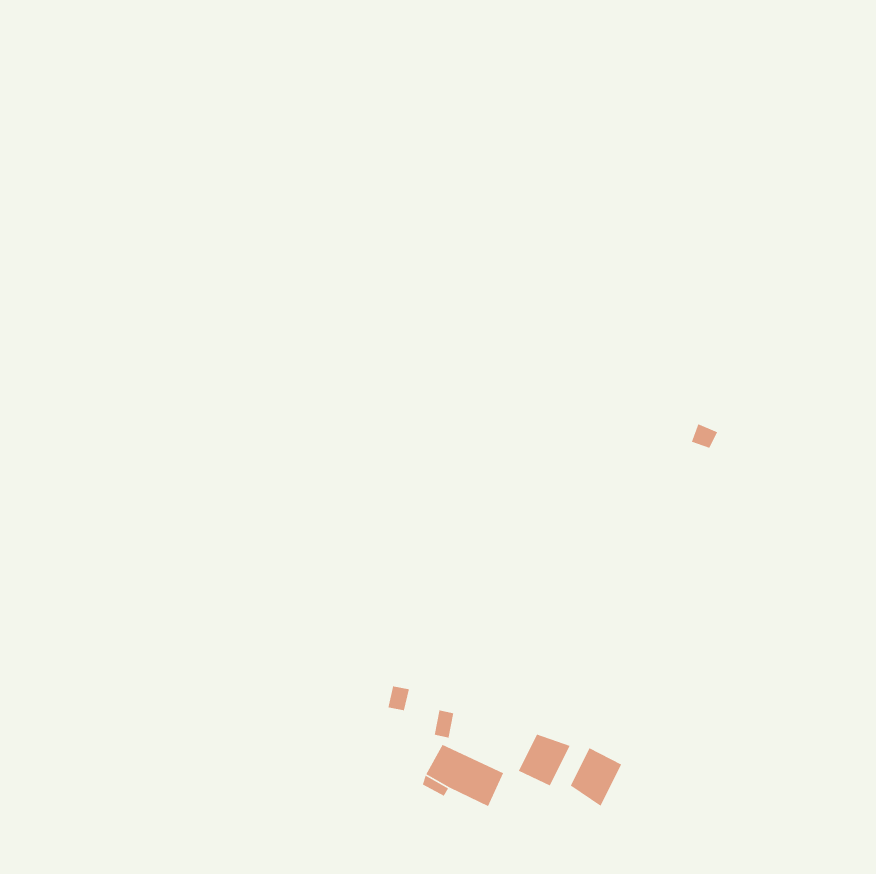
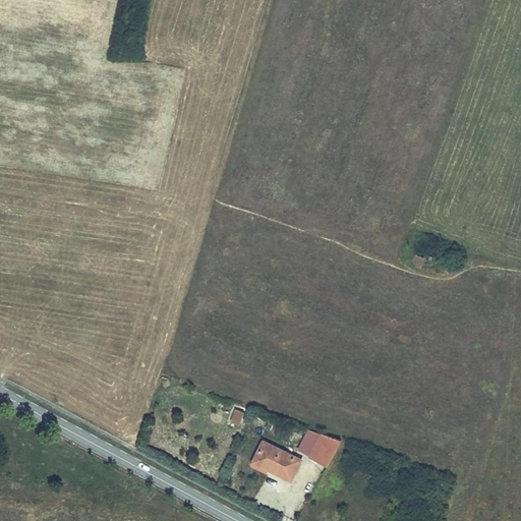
building: [570,747,622,807] -> none

